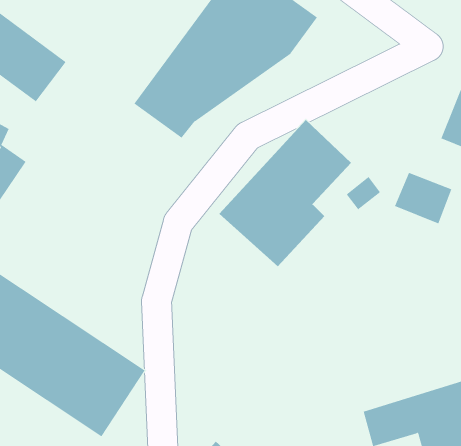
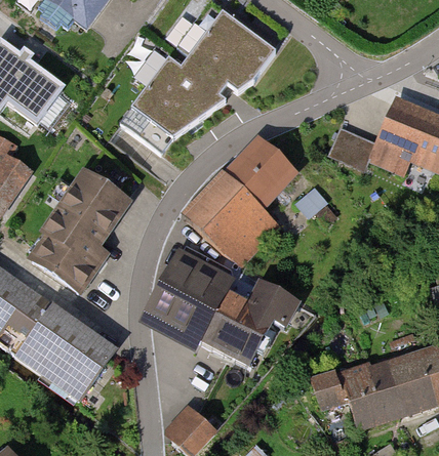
building: none -> [31,170,127,290]
building: [394,172,452,224] -> [329,124,378,168]
building: none -> [149,254,308,377]

